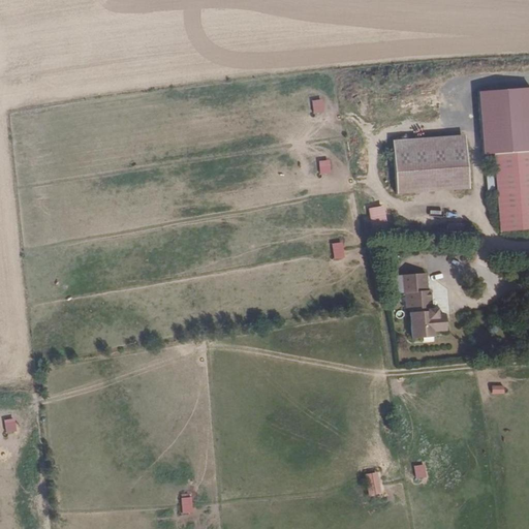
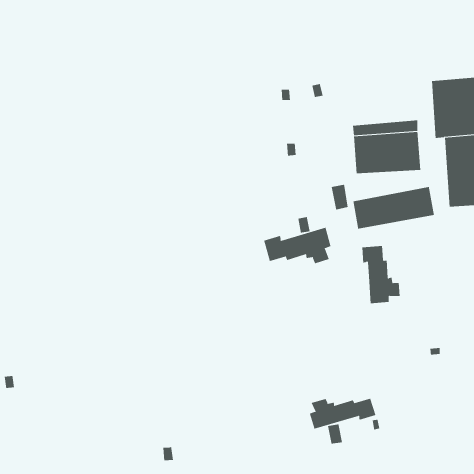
building: none -> [353,186,435,230]
building: none -> [263,227,331,264]
building: none -> [309,398,376,429]

